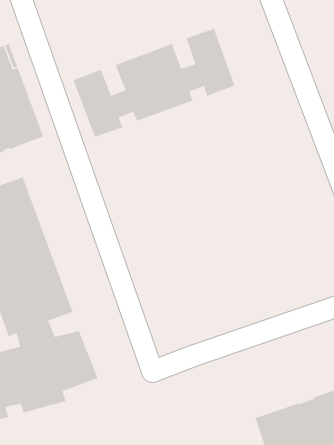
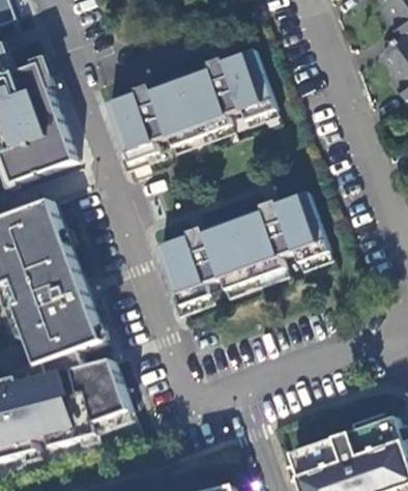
building: none -> [154,189,325,304]

